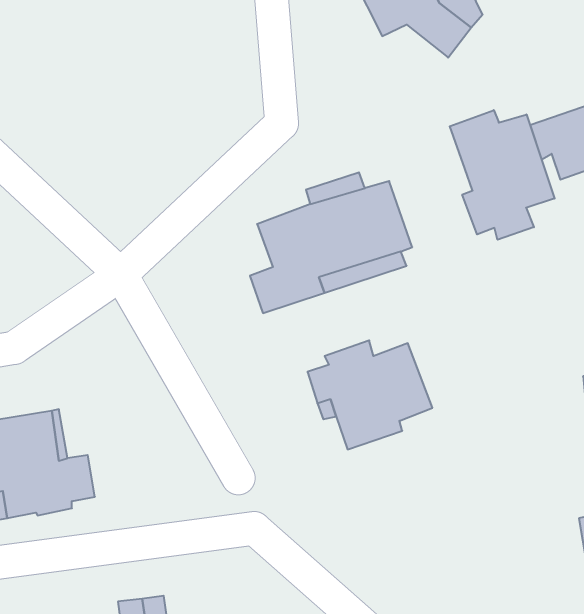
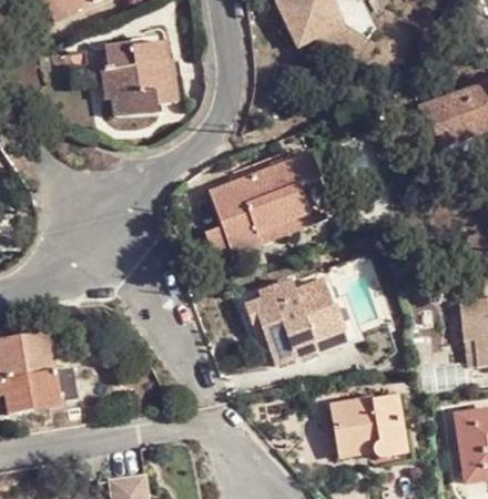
building: none -> [103,30,177,111]
building: [450,110,555,240] -> none
building: none -> [328,394,407,464]

